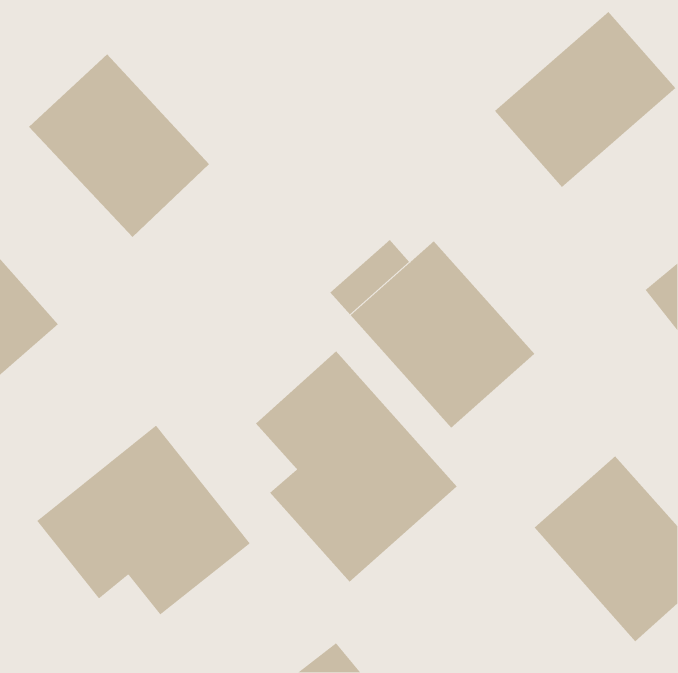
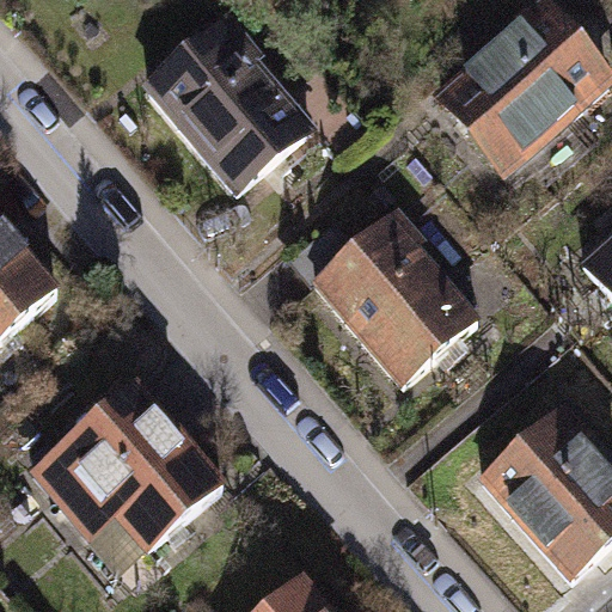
building: [28,53,210,238] -> [146,23,308,188]
building: [255,351,457,583] -> none

